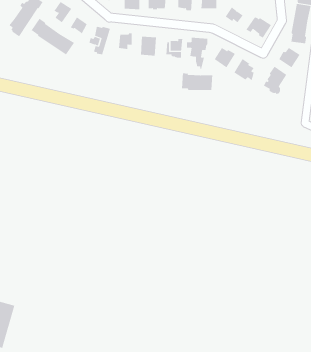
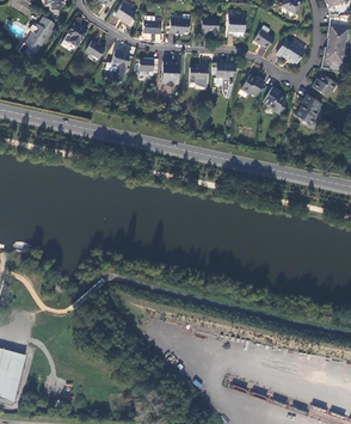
building: [31,18,75,55] -> none
building: [182,73,213,91] -> none

